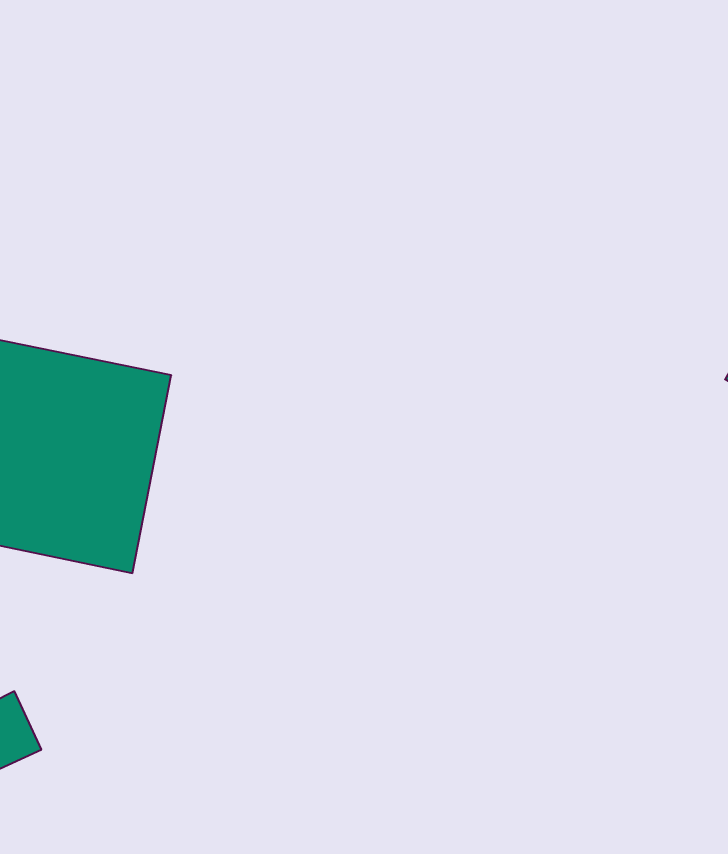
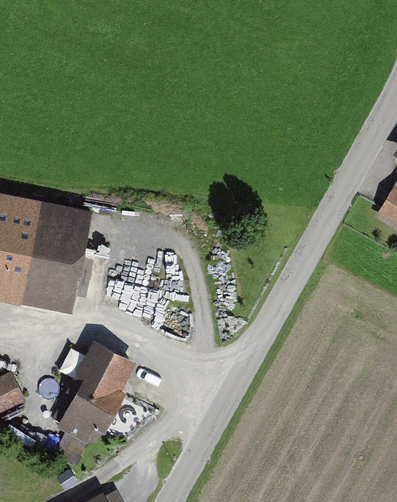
building: none -> [52,341,137,444]

